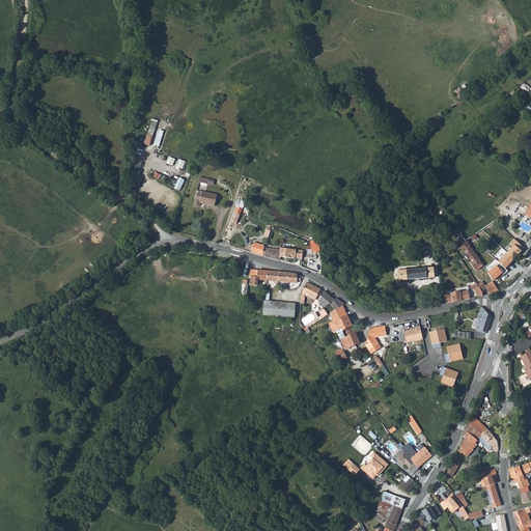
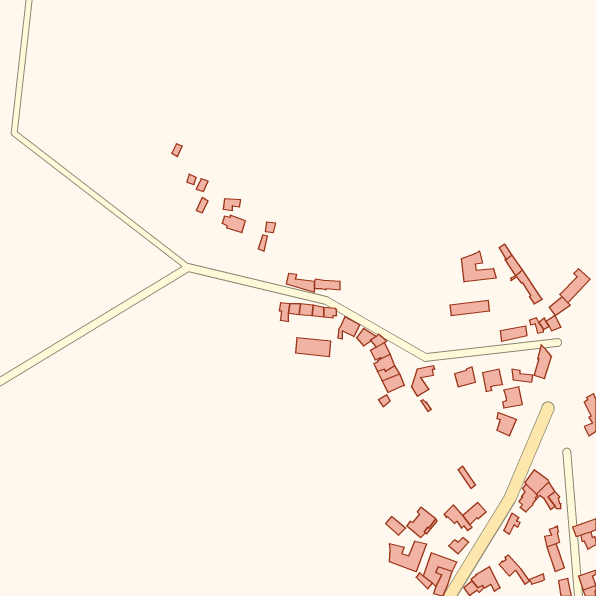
building: none -> [462,251,496,282]
building: none -> [390,541,426,572]

